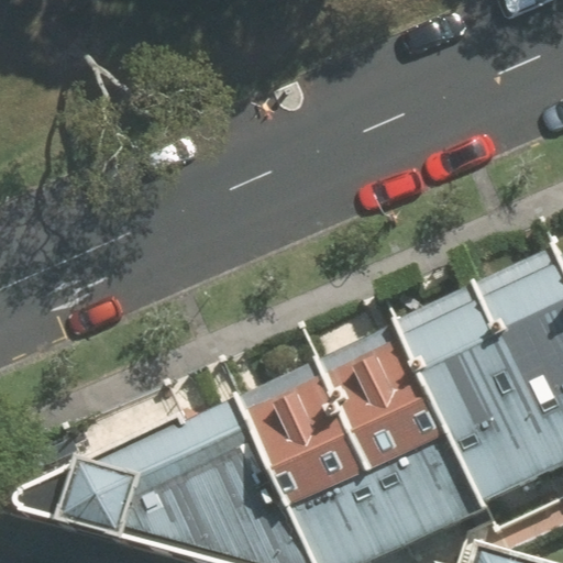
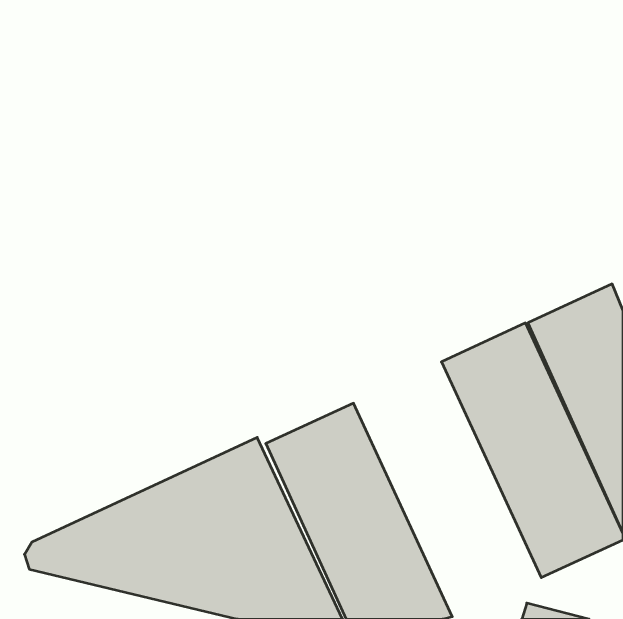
building: [323,329,484,554] -> none

